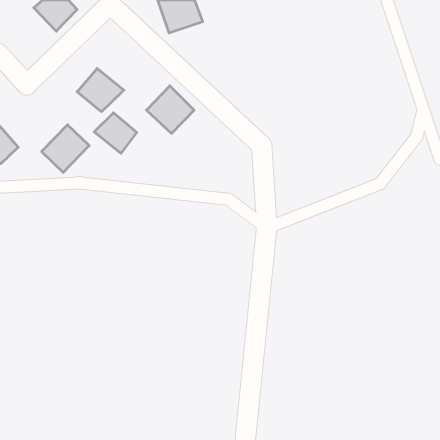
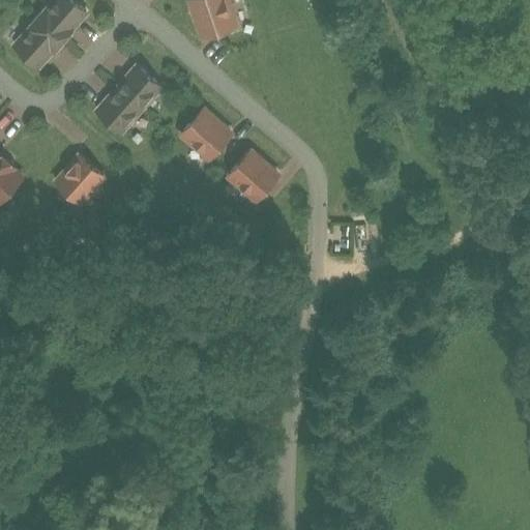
building: none -> [8,12,67,71]
building: [94,113,137,153] -> [116,62,167,111]
building: none -> [224,147,282,204]

